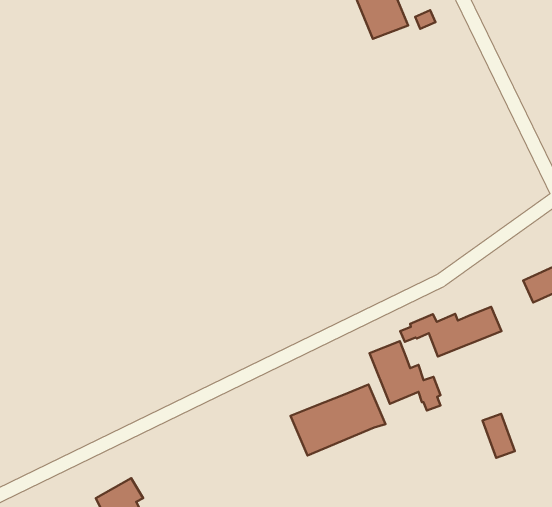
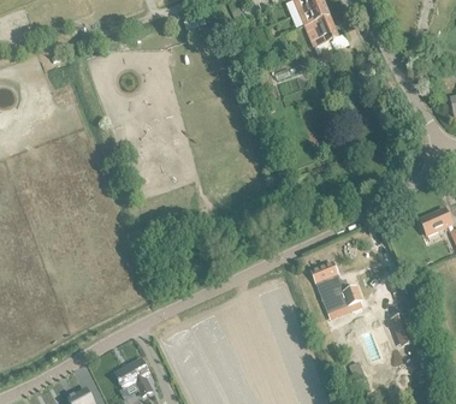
building: [400,307,501,356] -> none
building: [291,385,386,455] -> none

